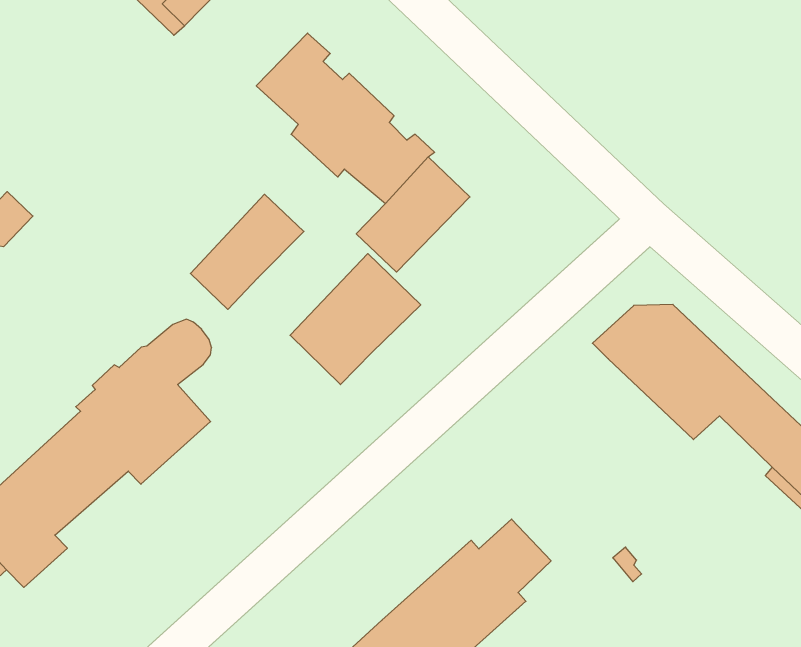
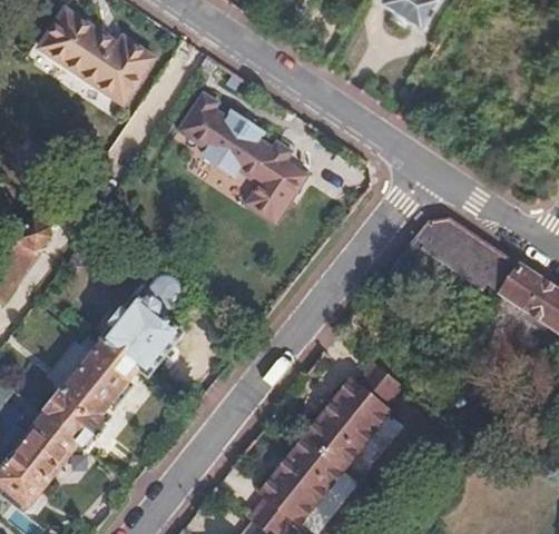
building: [190,194,304,309] -> none
building: [290,254,421,385] -> none

